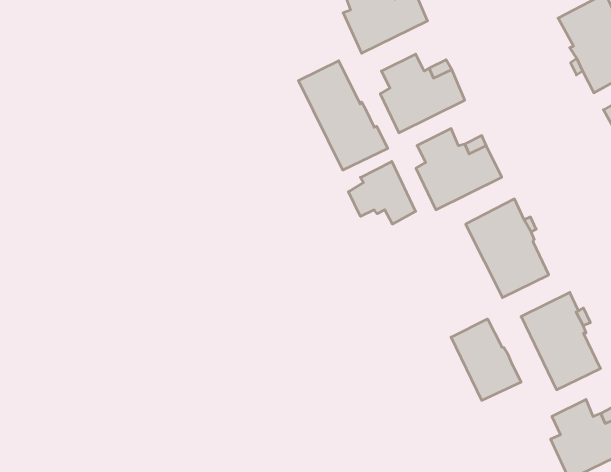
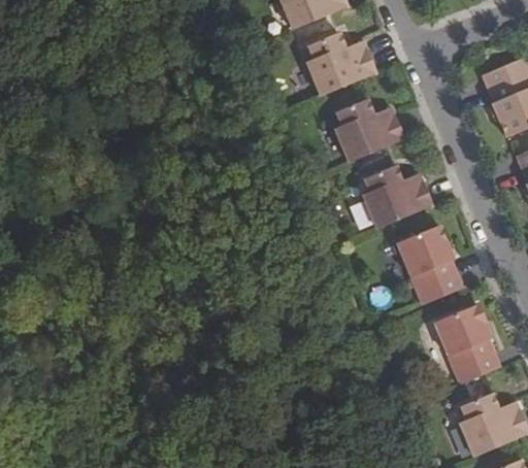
building: [298,61,388,170] -> none
building: [348,161,416,224] -> none
building: [451,319,521,400] -> none

